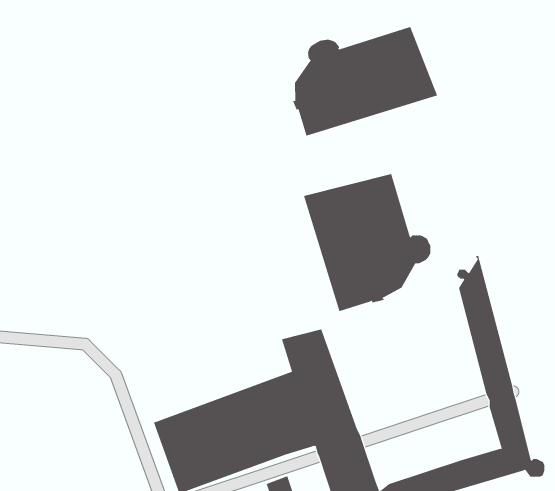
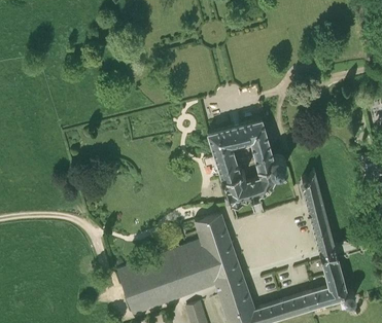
building: [292,26,438,137] -> none

